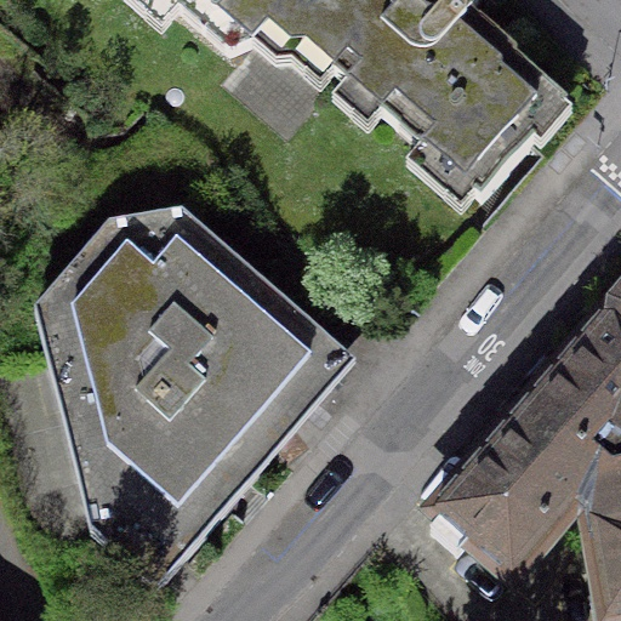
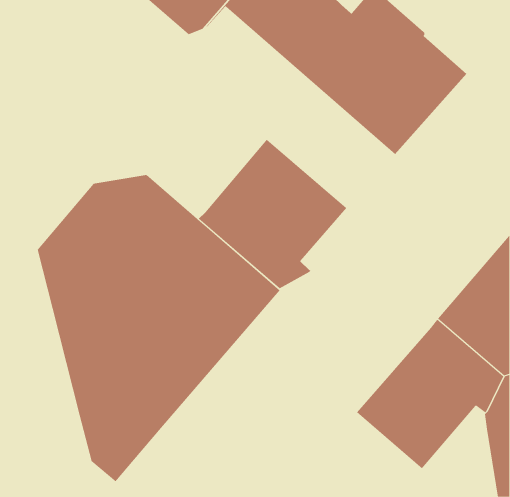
building: none -> [198,139,347,289]

